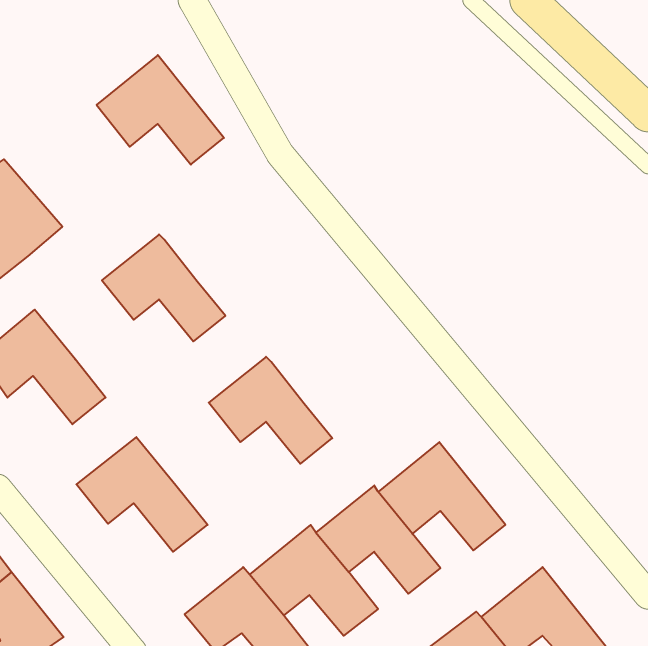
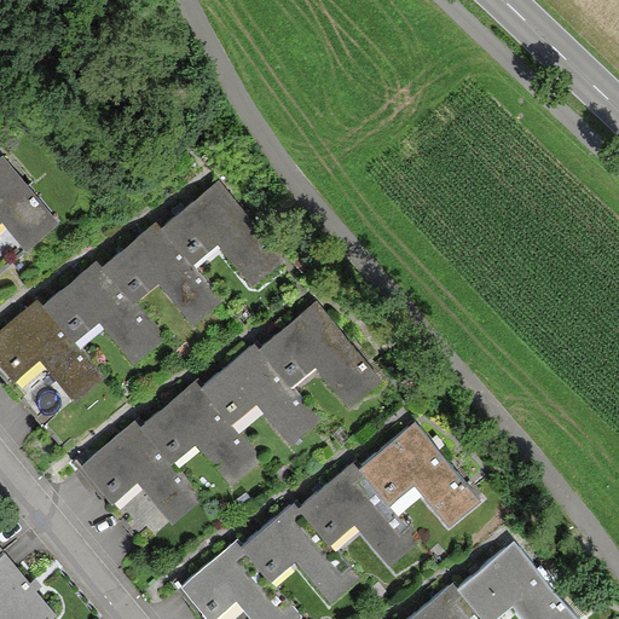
building: [97,55,224,165] -> [156,185,277,289]
building: none -> [39,265,155,359]
building: none -> [258,301,378,404]
building: none -> [135,381,256,486]

